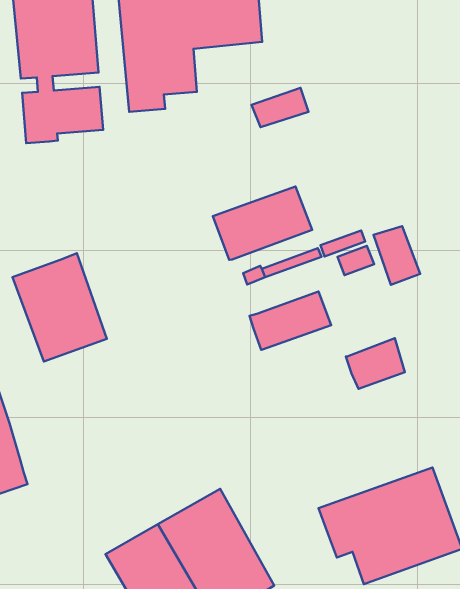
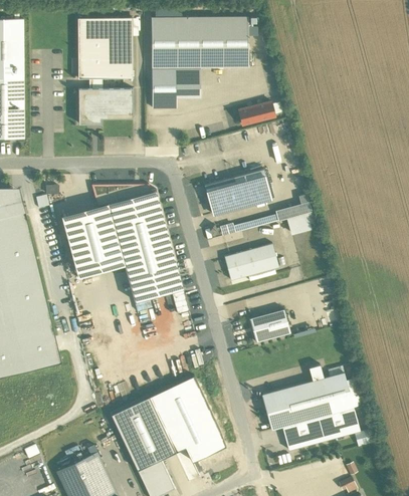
building: none -> [91,185,182,302]
building: [373,226,420,285] -> none
building: [346,338,405,389] -> [249,309,289,342]

